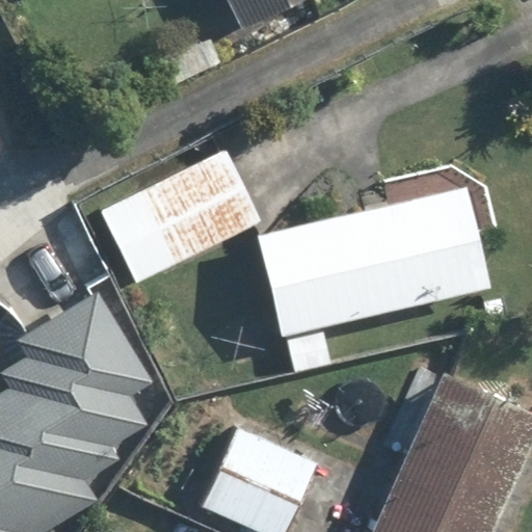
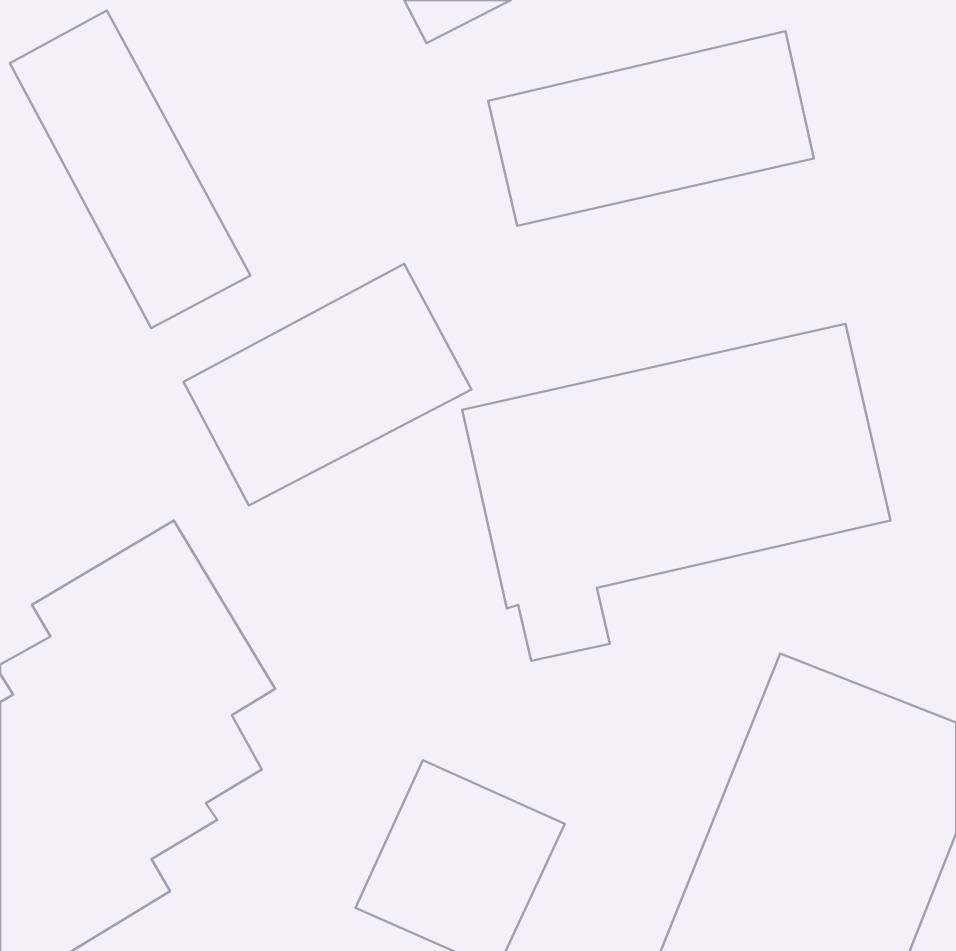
building: none -> [10,11,251,328]
building: none -> [488,31,814,226]

